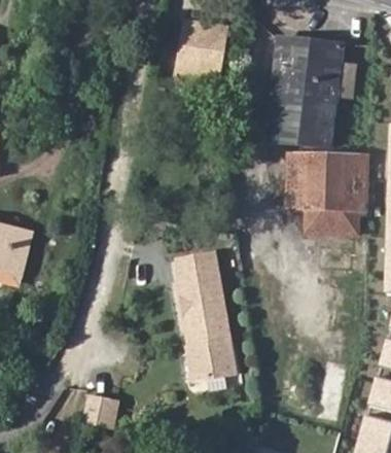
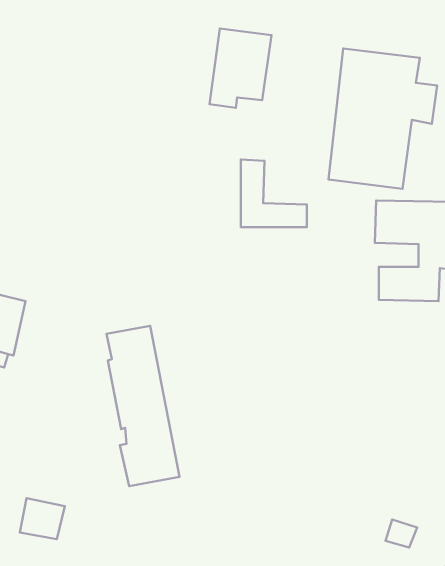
building: [288,155,340,208] -> [241,160,307,227]
building: [179,254,236,379] -> [107,326,179,486]
building: [84,395,119,427] -> [20,498,65,539]

